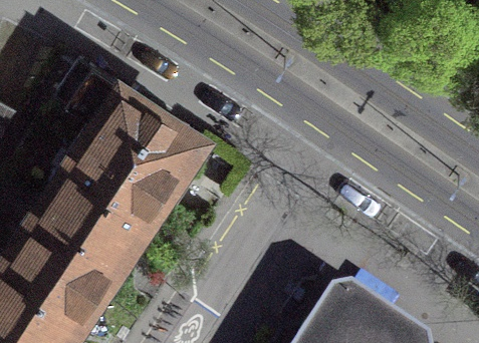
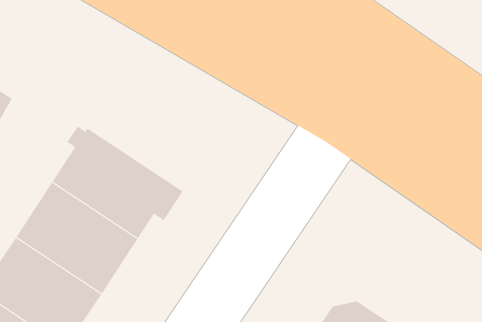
building: [61,58,209,193] -> none

